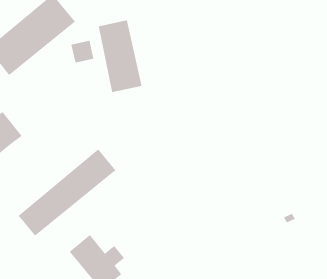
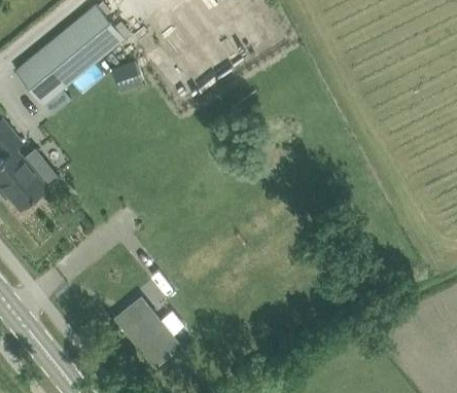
building: [98,20,142,93] -> none
building: [18,149,116,237] -> none

